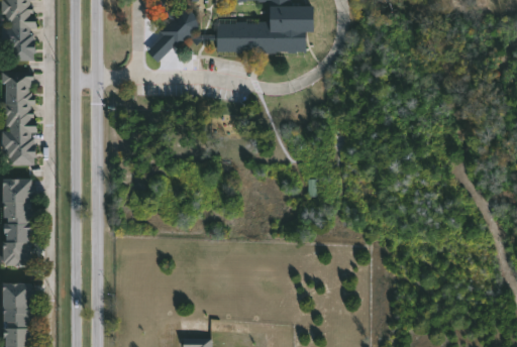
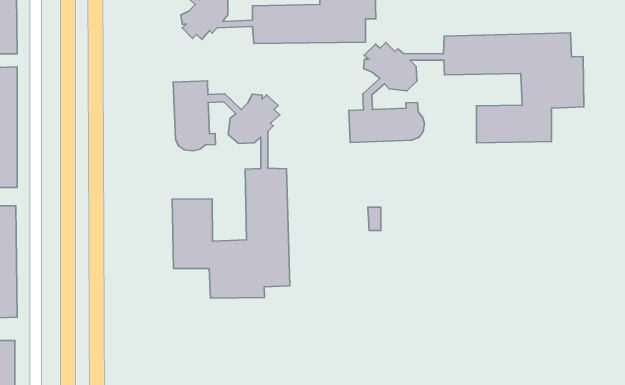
building: none -> [349,33,584,143]
building: none -> [172,81,290,298]

